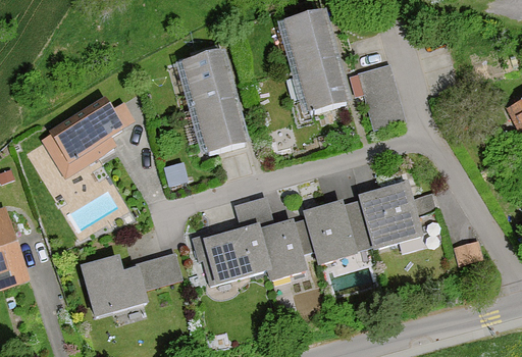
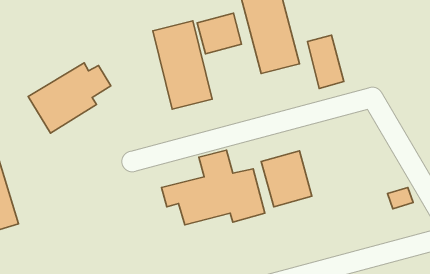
building: none -> [197,13,241,54]
building: [362,184,423,248] -> none
building: [81,254,181,317] -> none

